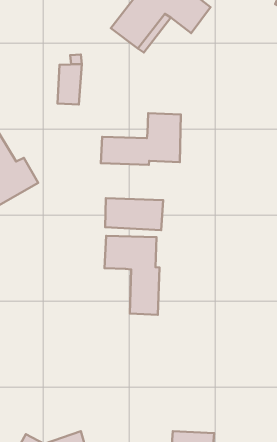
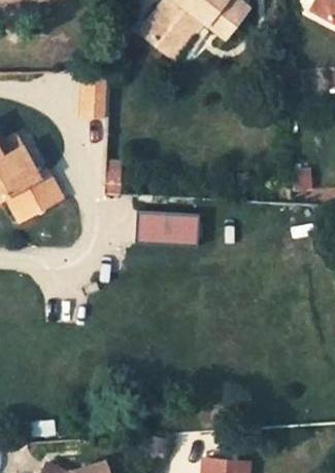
building: [101,113,181,165] -> none
building: [105,236,159,315] -> none

